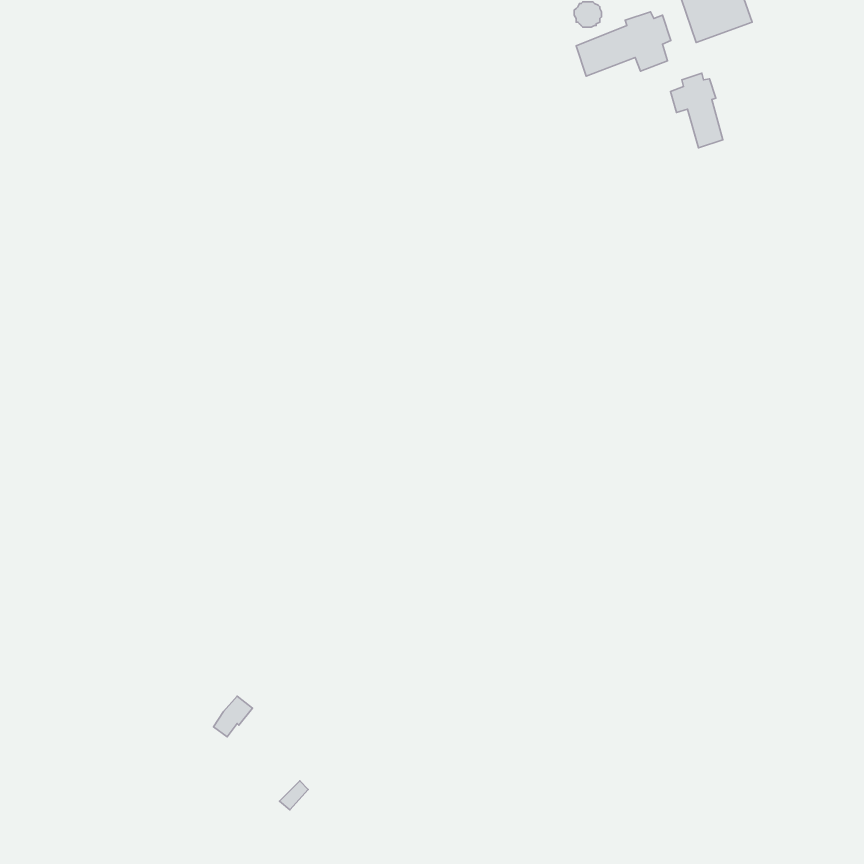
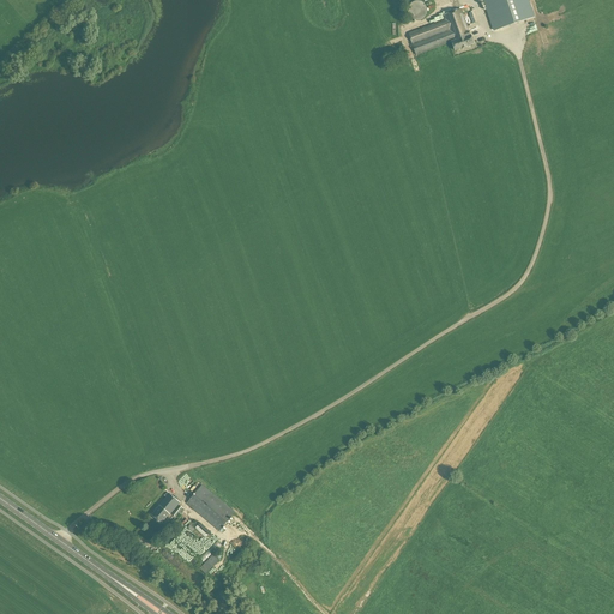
building: [670,73,723,148] -> none
building: none -> [185,483,234,530]

